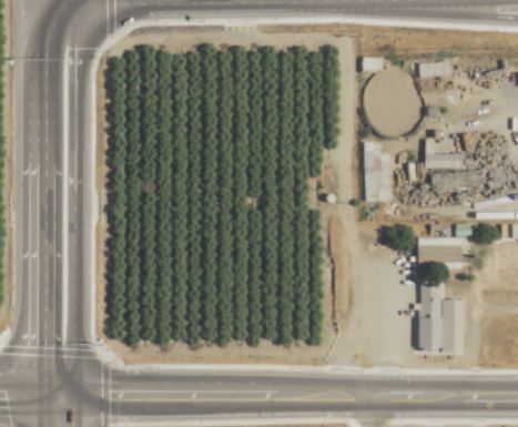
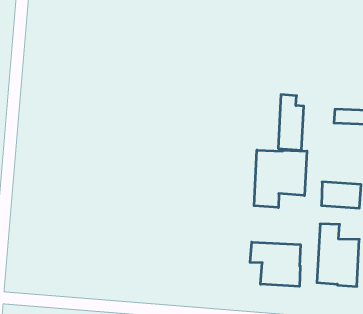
building: none -> [254,150,307,208]
building: none -> [250,242,300,286]

